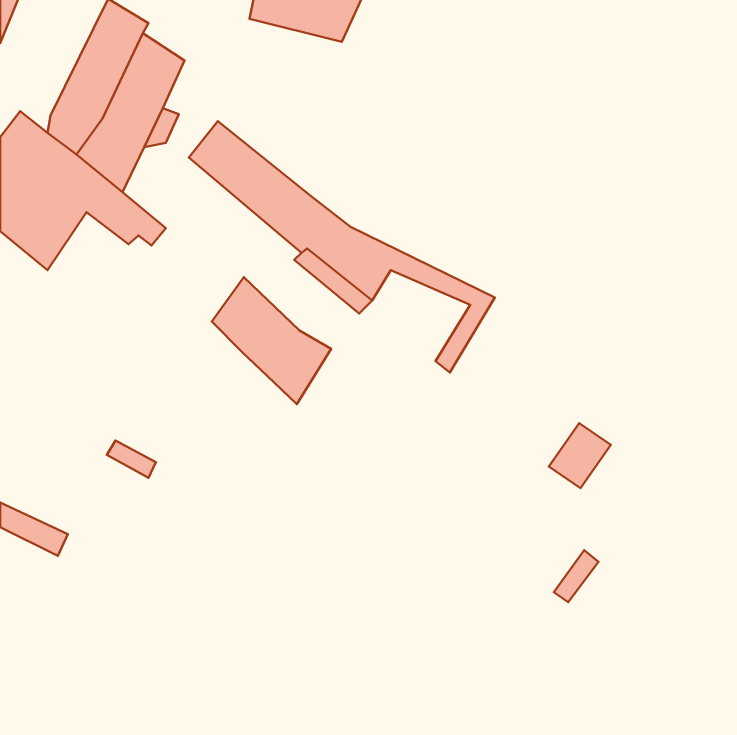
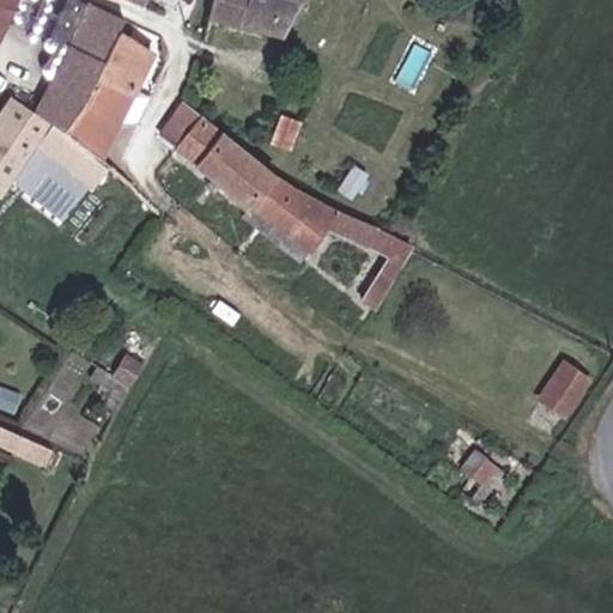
building: [212,277,331,404] -> none
building: [549,423,611,488] -> [538,360,589,414]

